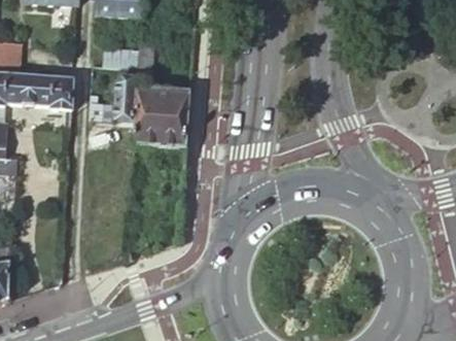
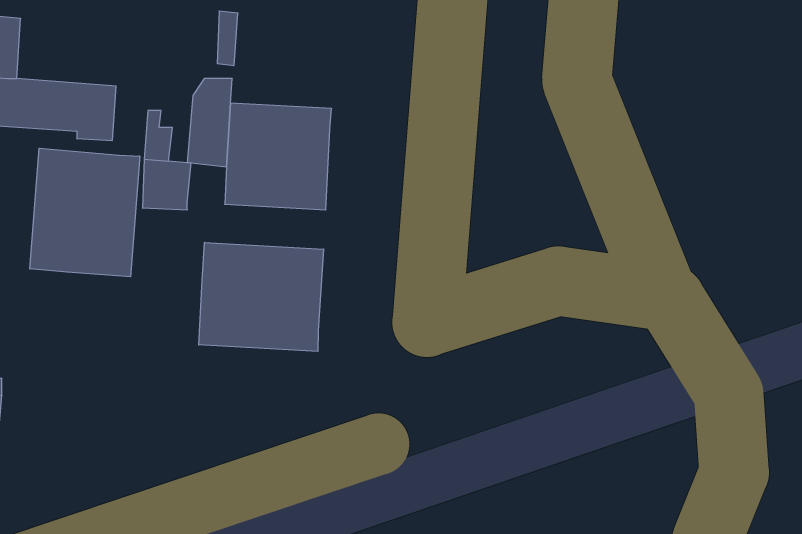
building: none -> [30,148,140,277]
building: none -> [199,242,324,351]

